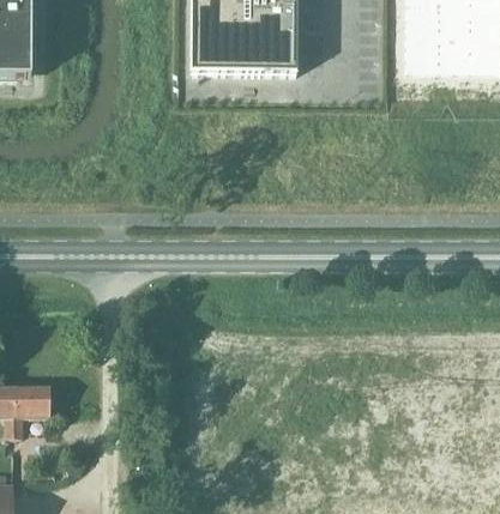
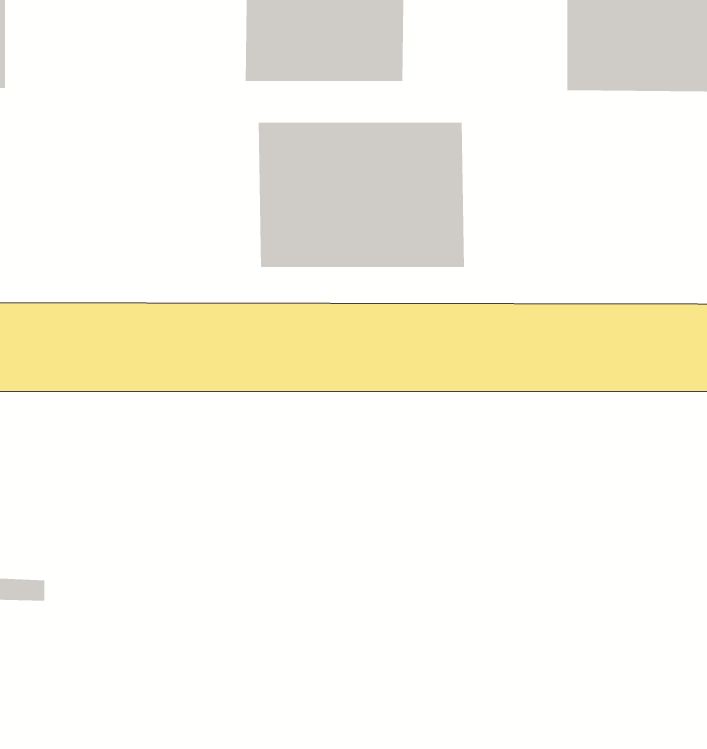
building: none -> [258,122,465,268]

